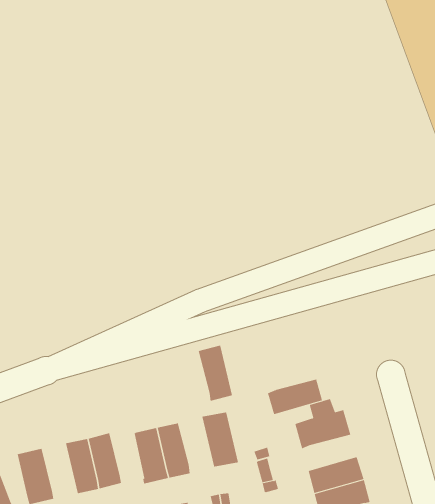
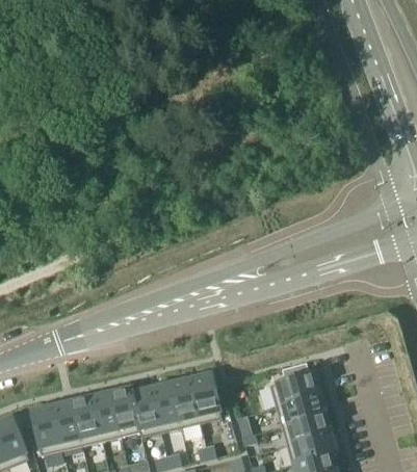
building: [198,345,233,402] -> [171,378,201,427]
building: [267,379,323,415] -> [277,394,324,425]
building: none -> [111,388,140,436]
building: none -> [53,401,83,449]

